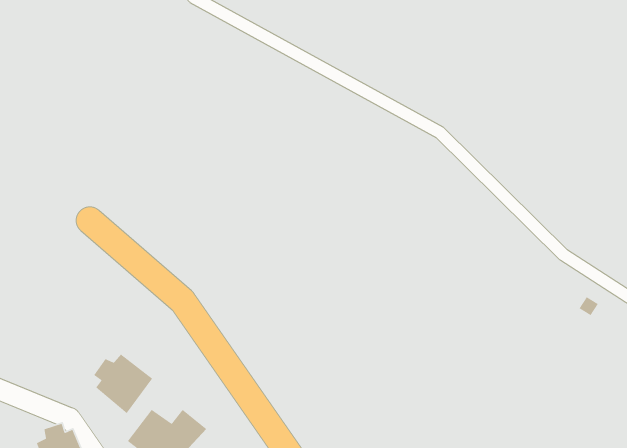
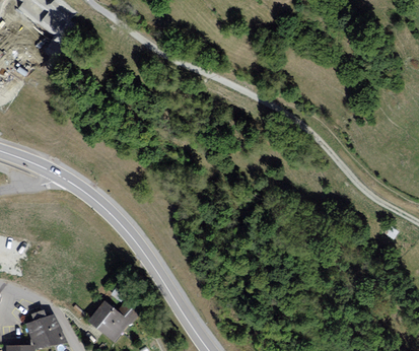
building: [93,353,153,414] -> none

